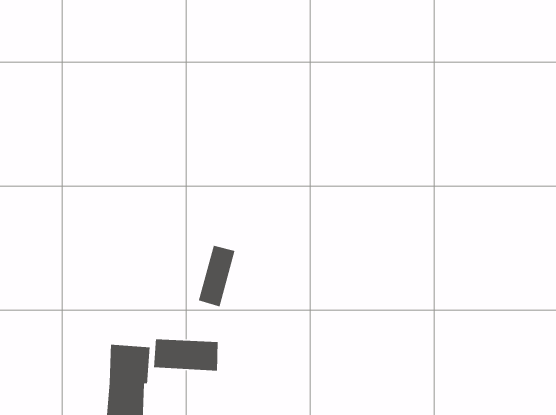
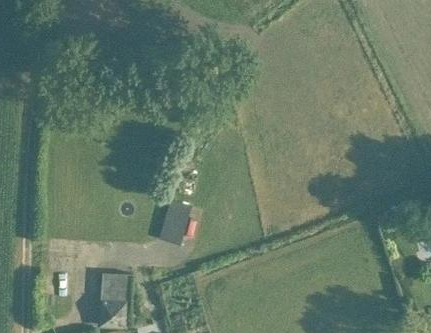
building: [153,338,218,371] -> none

